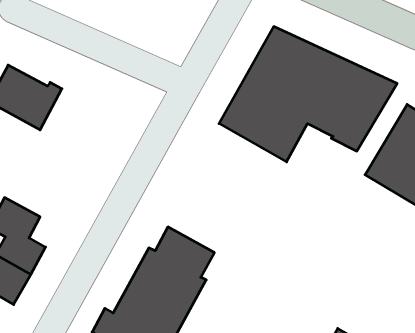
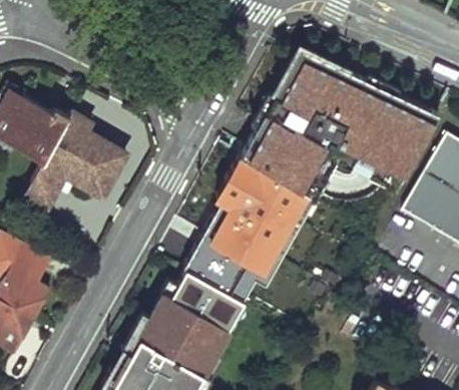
building: none -> [27,116,126,213]
building: none -> [185,155,316,296]

